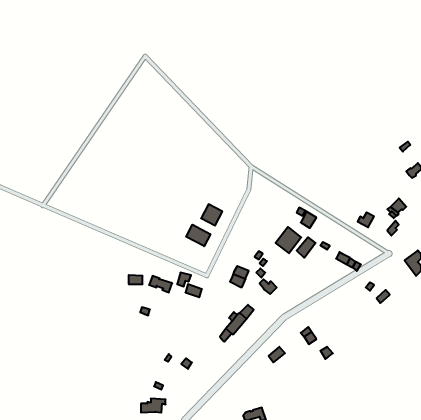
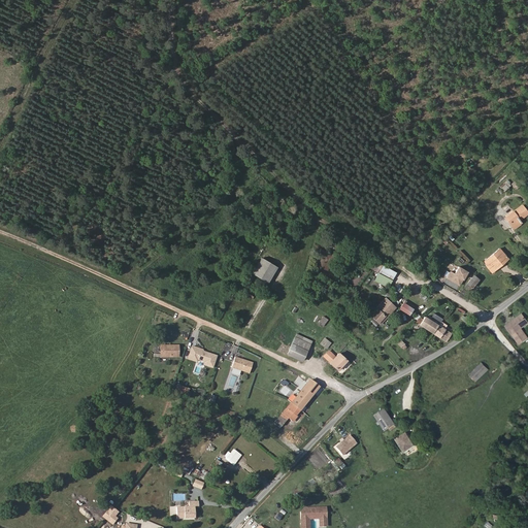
building: [186,225,210,246] -> none
building: [276,227,301,253] -> none

